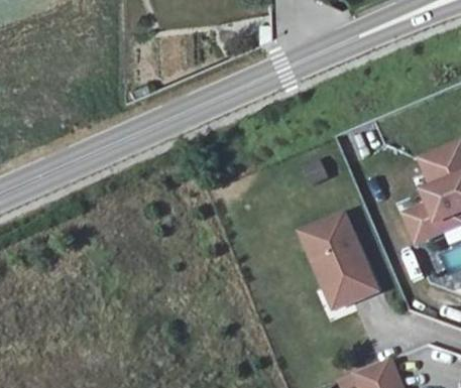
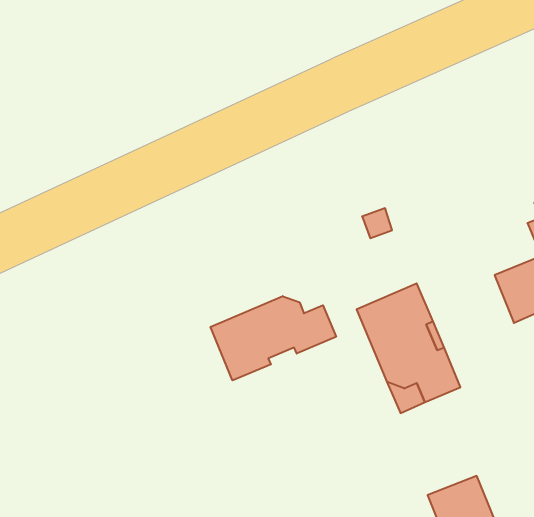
building: none -> [211,296,336,380]

